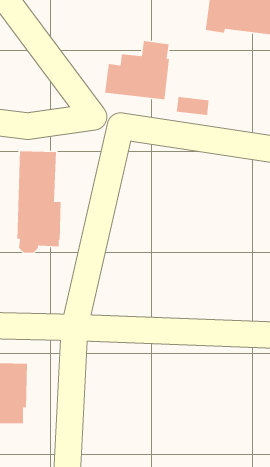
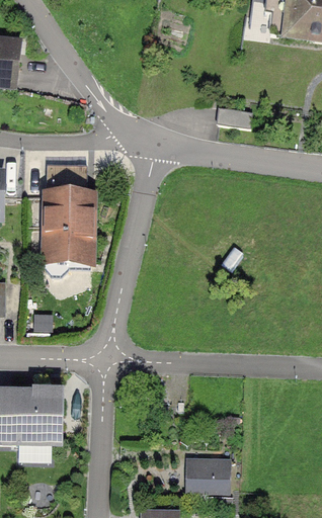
building: [104,40,170,100] -> none
building: none -> [191,461,228,490]

